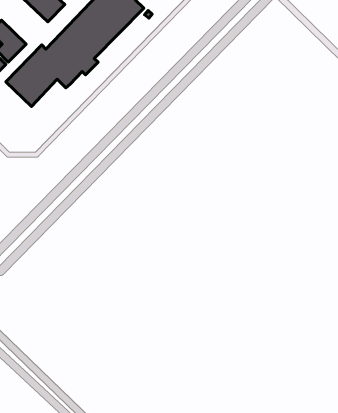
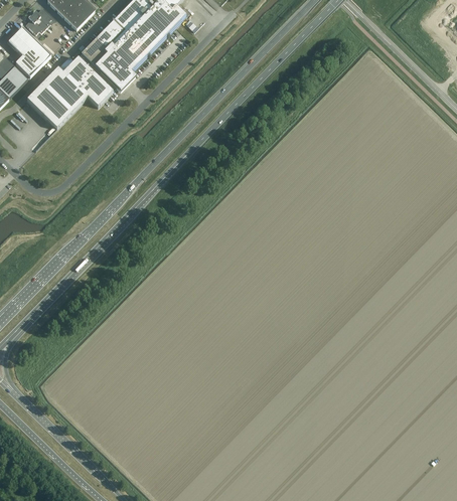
building: none -> [26,7,51,32]

